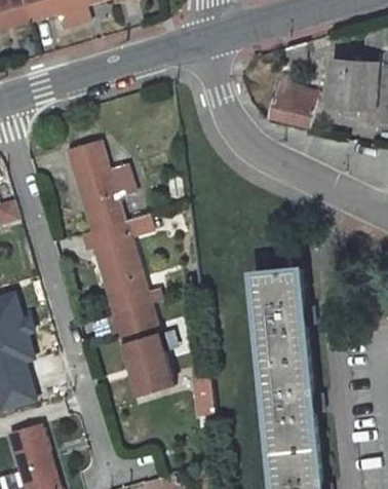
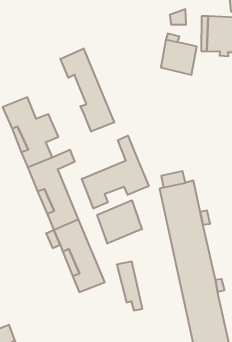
building: none -> [60,48,114,132]
building: none -> [82,136,149,209]
building: none -> [97,200,142,244]

